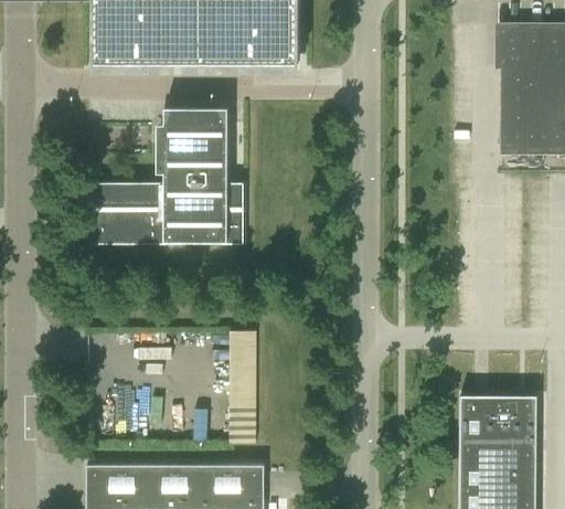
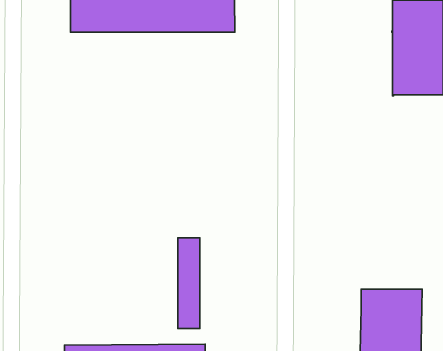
building: [87,106,243,243] -> none

